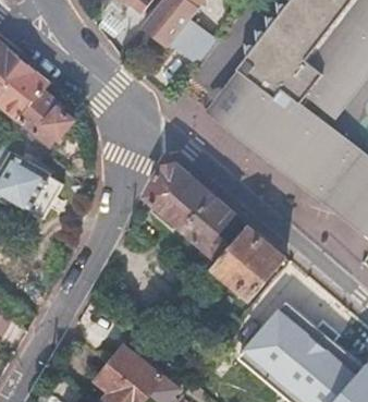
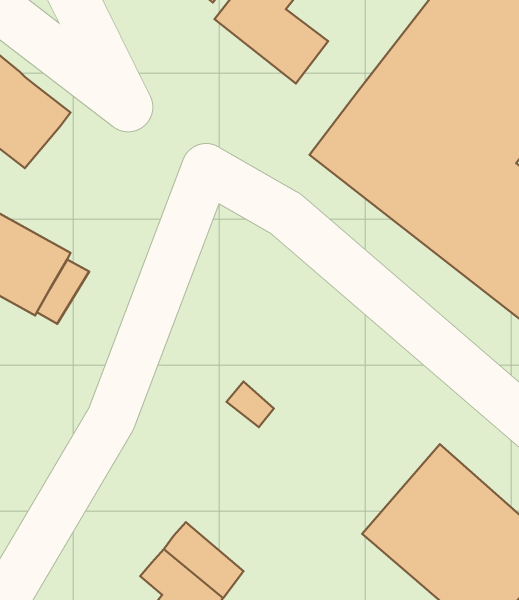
building: [21,93,73,144] -> none
building: [147,165,232,261] -> none
building: [212,228,281,297] -> none

